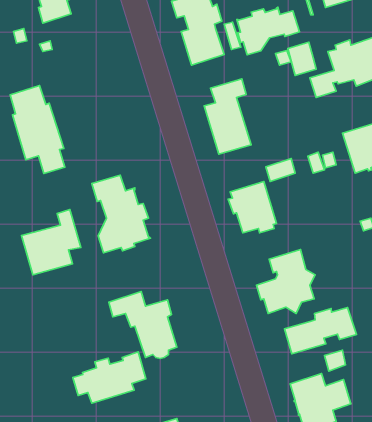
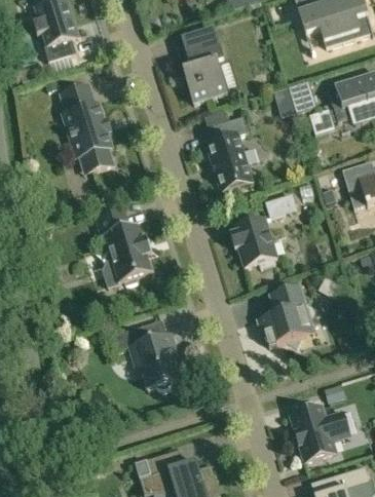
building: [237,7,299,55] -> none
building: [10,85,65,174] -> [61,84,114,170]
building: [21,209,81,275] -> none
building: [285,308,356,354] -> none
building: [73,352,146,403] -> none

